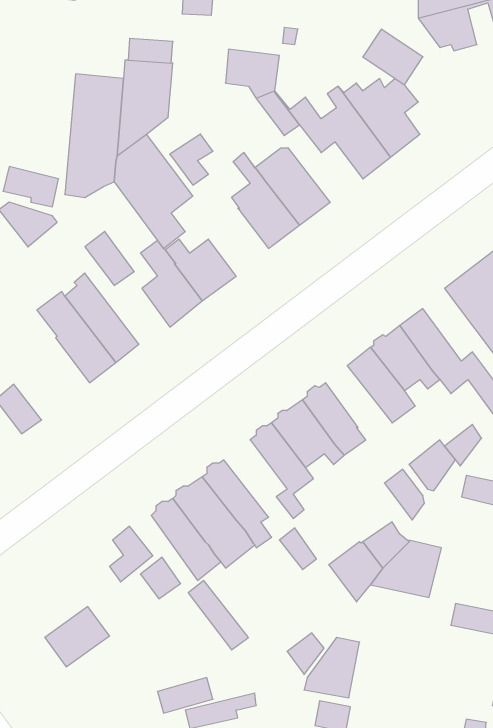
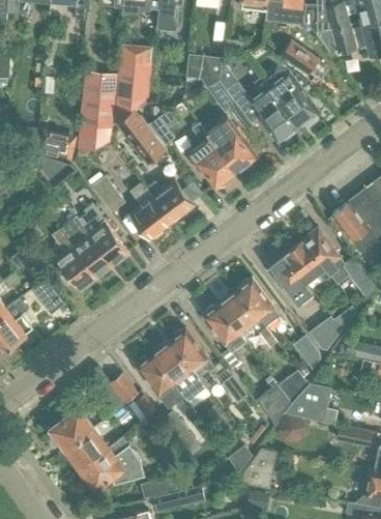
building: none -> [53,229,95,290]
building: none -> [51,408,94,449]
building: none -> [276,414,305,443]
building: none -> [80,437,145,489]

